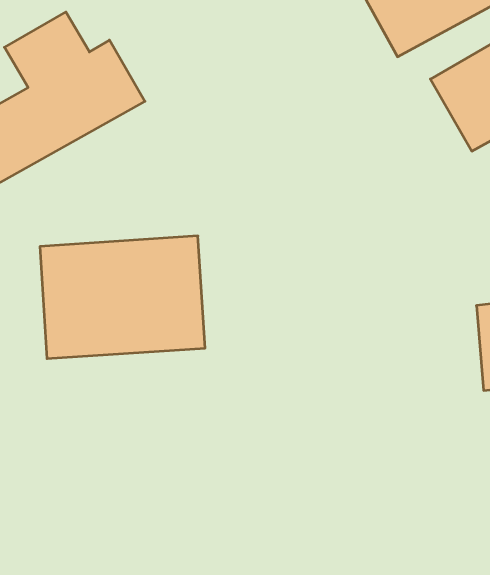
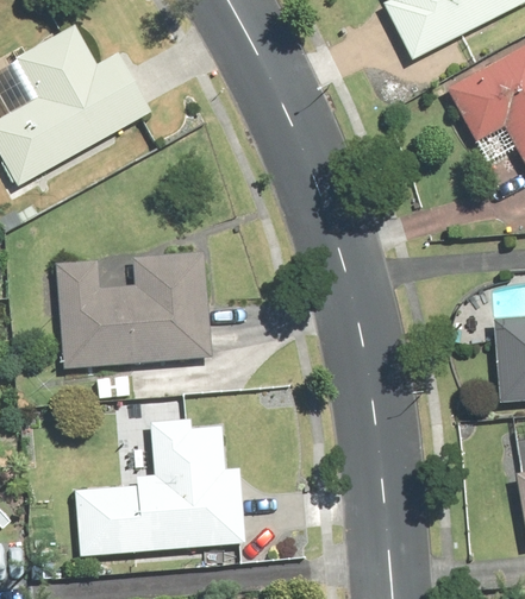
building: none -> [70,408,249,556]

